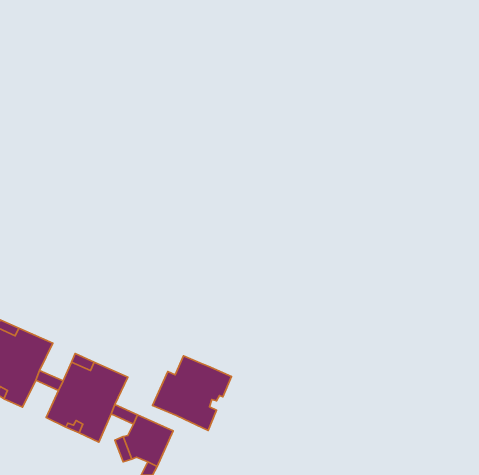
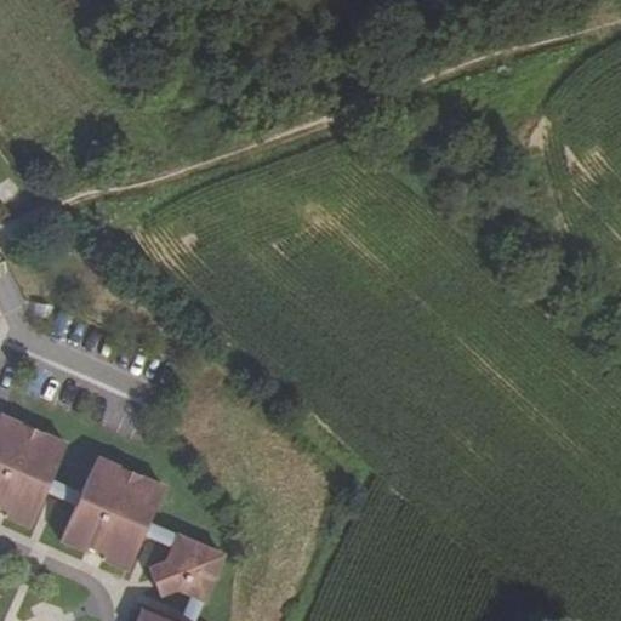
building: [153,356,231,430] -> none

